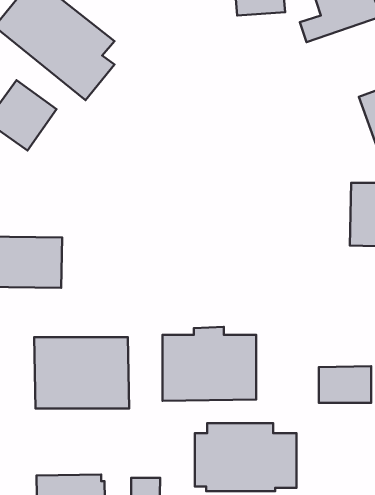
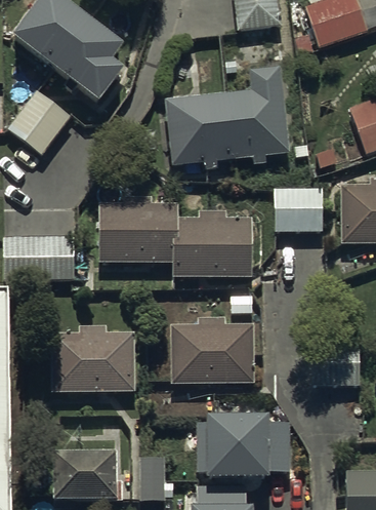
building: none -> [165,67,289,167]
building: none -> [275,186,323,231]
building: none -> [96,195,252,279]

